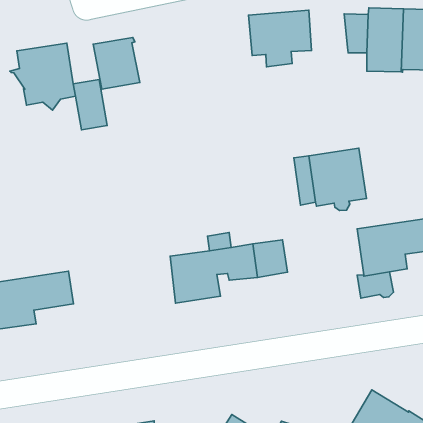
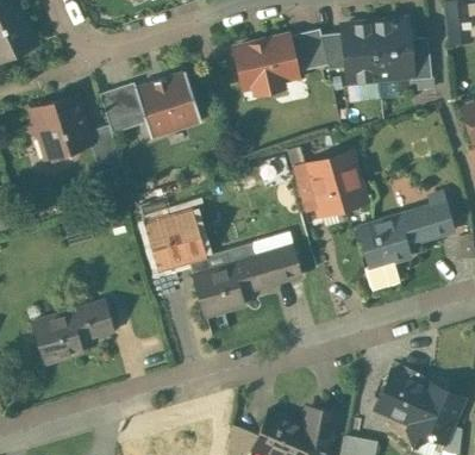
building: none -> [288,30,327,73]
building: none -> [133,71,201,138]
building: none -> [144,210,206,272]

